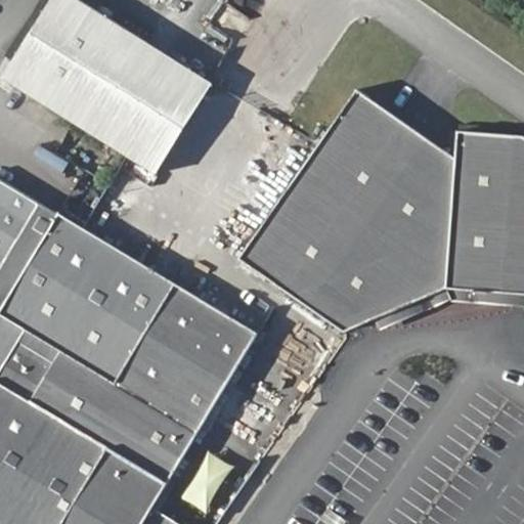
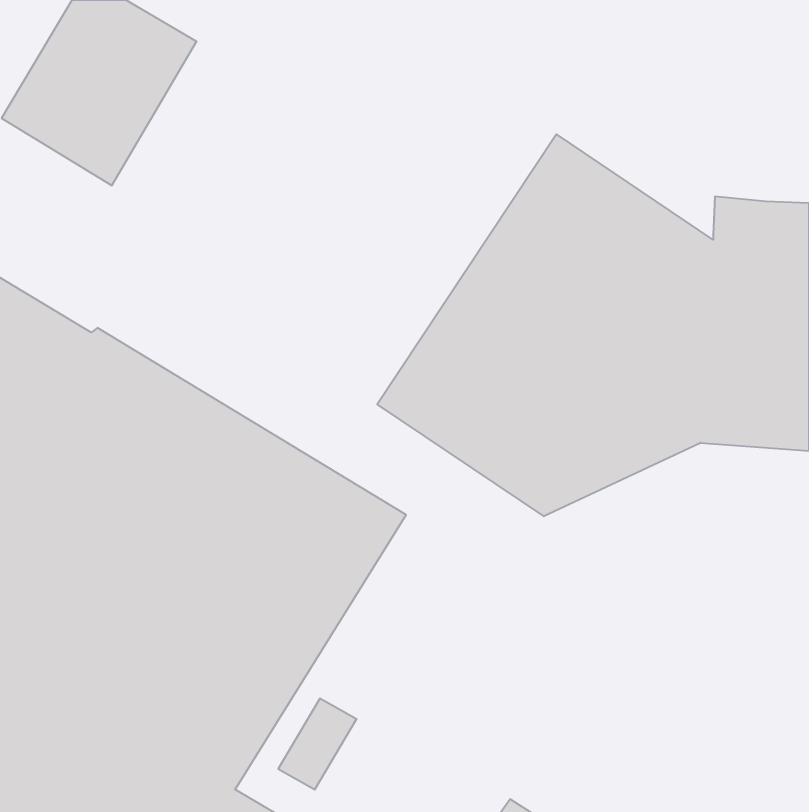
building: [72,30,214,174] -> none

